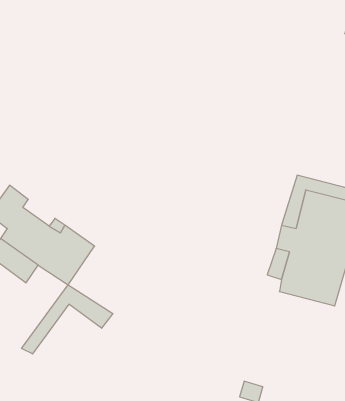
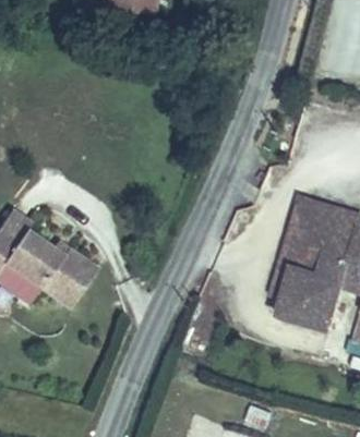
building: [22,285,113,354] -> none

